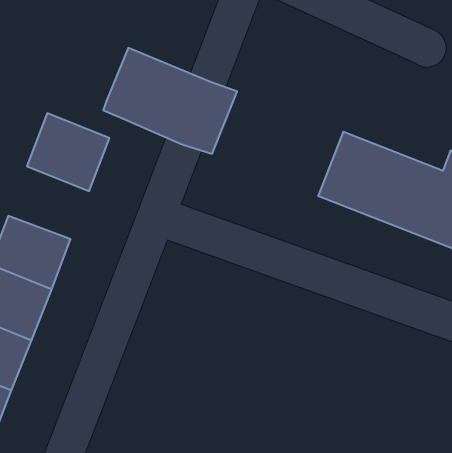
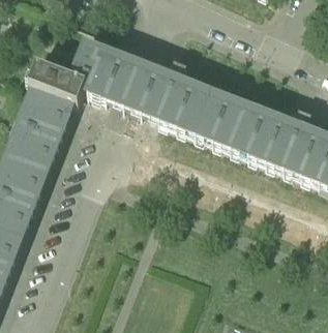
building: none -> [143,60,230,139]
building: none -> [30,62,85,102]
building: none -> [7,119,61,168]

